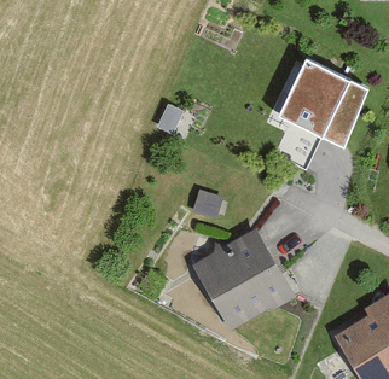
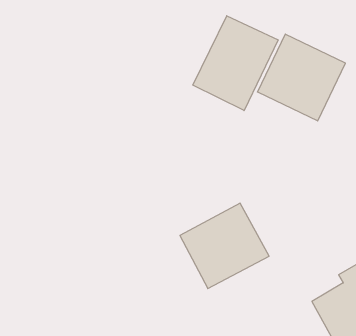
building: none -> [193,16,278,111]

